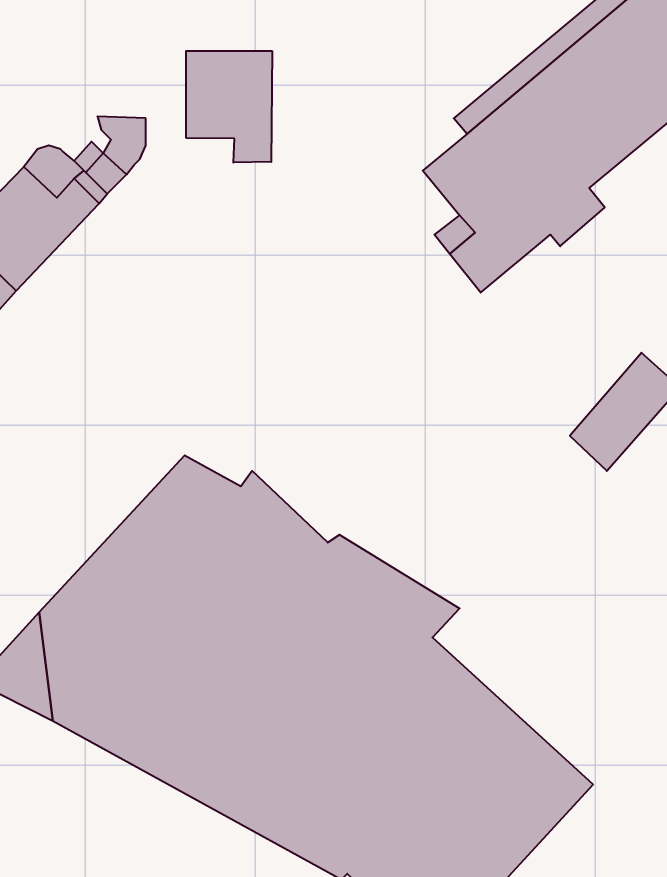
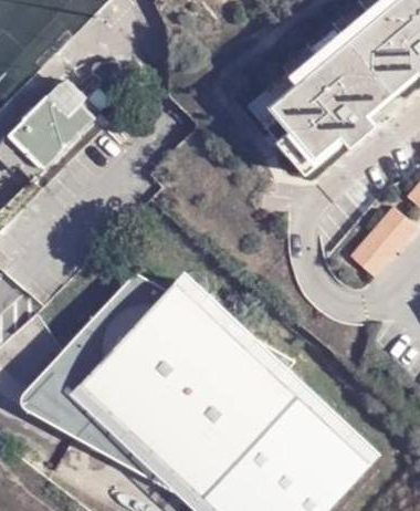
building: [186,51,272,163] -> none

